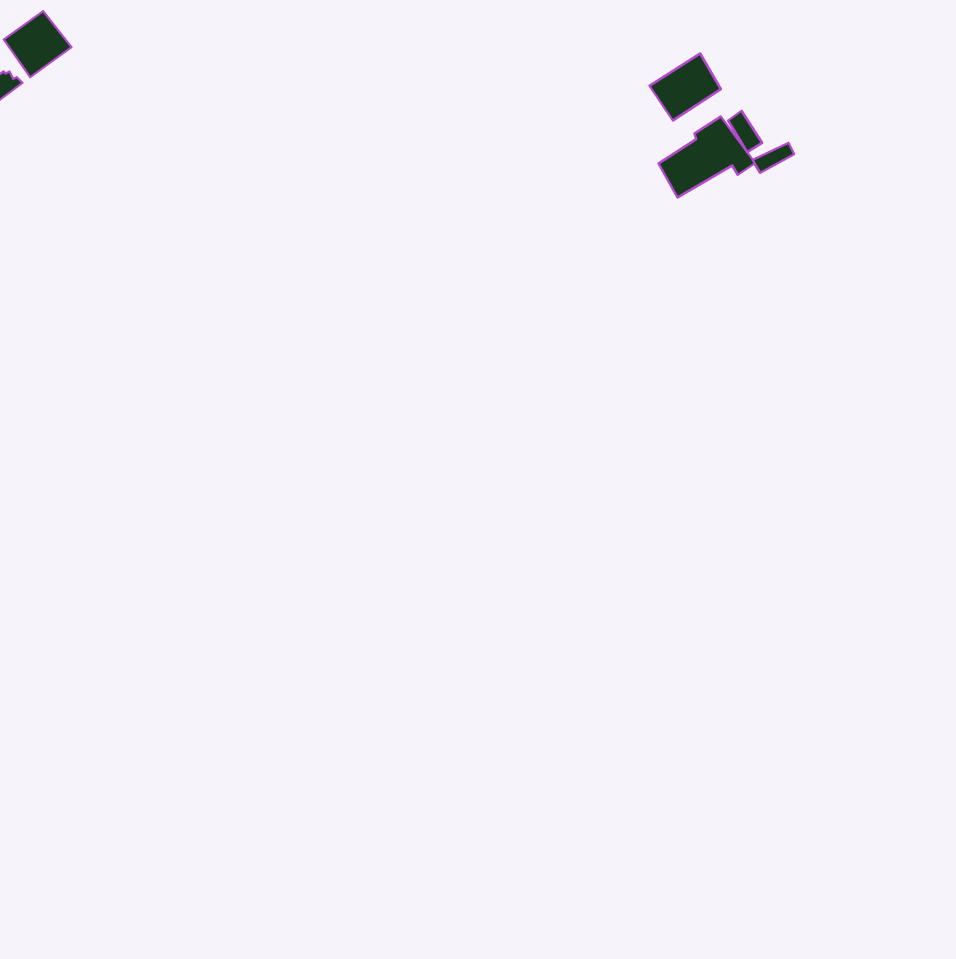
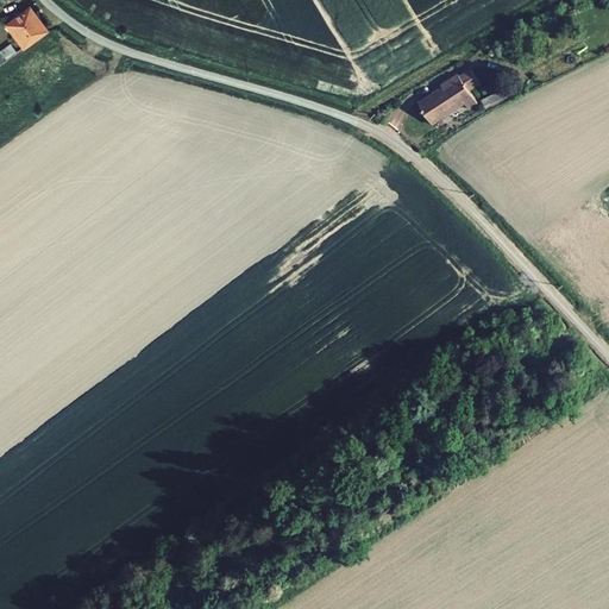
building: [650,53,721,120] -> none

